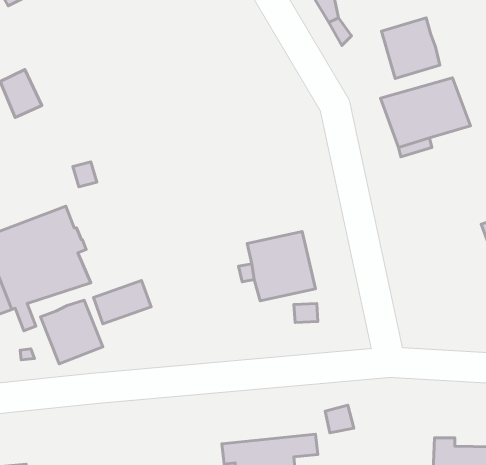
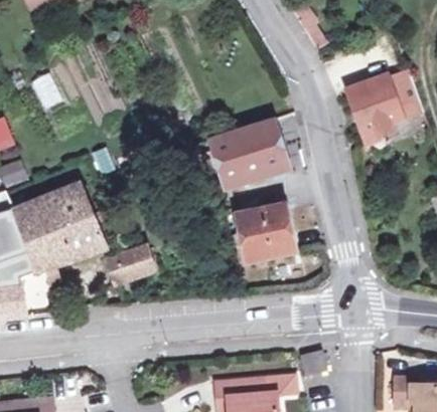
building: [381,18,440,79] -> none
building: none -> [205,119,289,214]
building: [40,300,103,364] -> none

